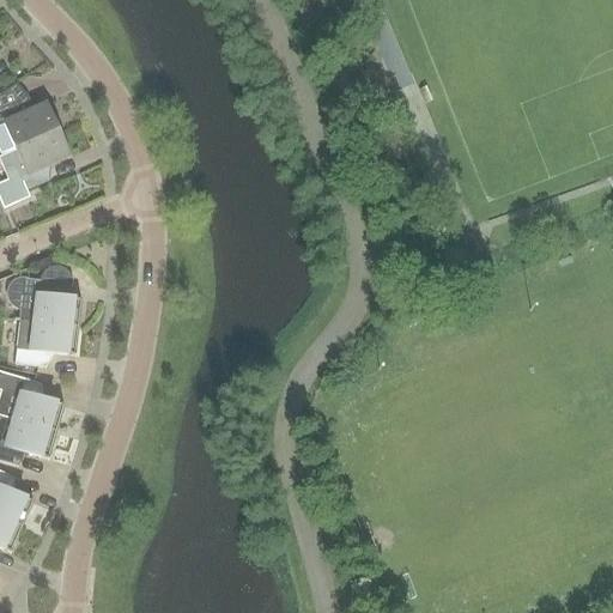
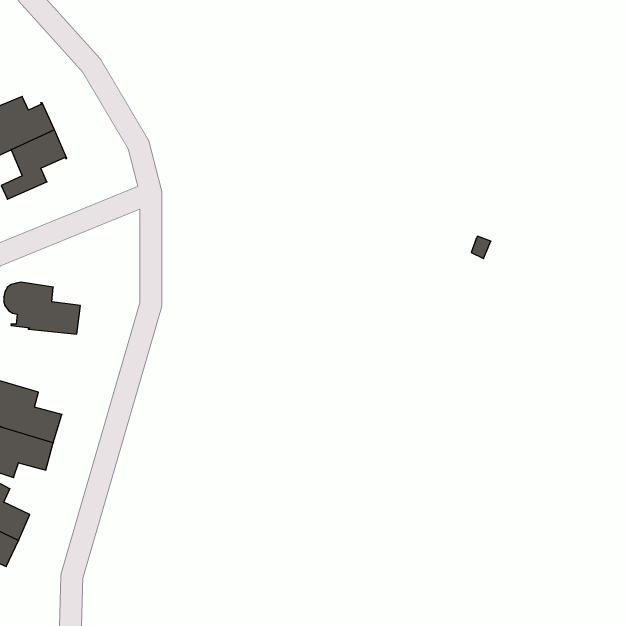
building: [10,318,74,363] -> none

